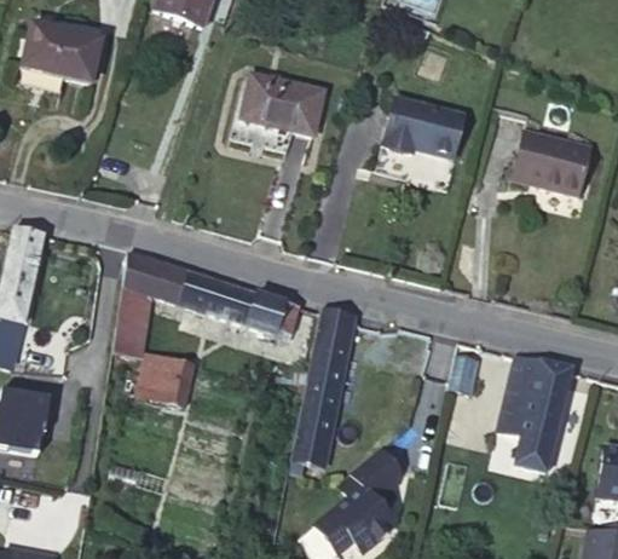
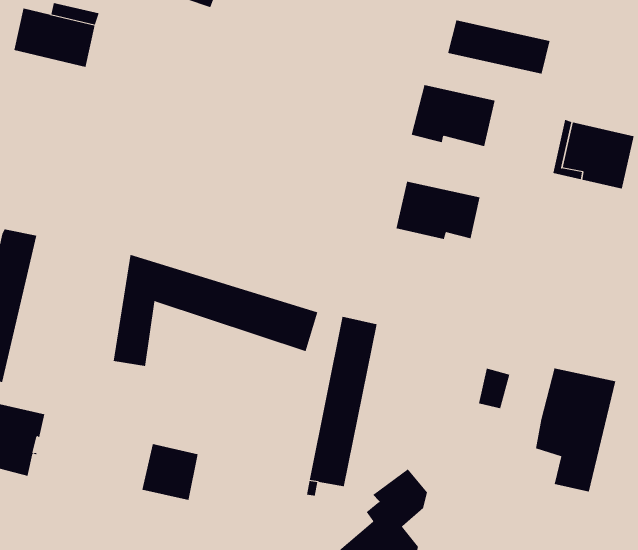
building: none -> [448,20,550,75]
building: [243,74,324,133] -> none
building: none -> [396,181,480,240]
building: [143,357,195,409] -> [142,443,198,500]

